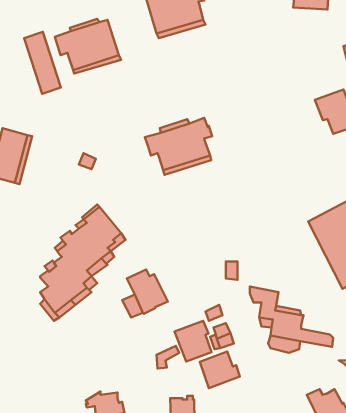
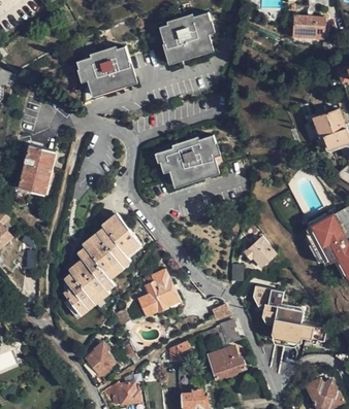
building: [24,32,61,94] -> none
building: none -> [245,237,277,267]
building: [174,321,212,361] -> none
building: none -> [86,342,116,375]

